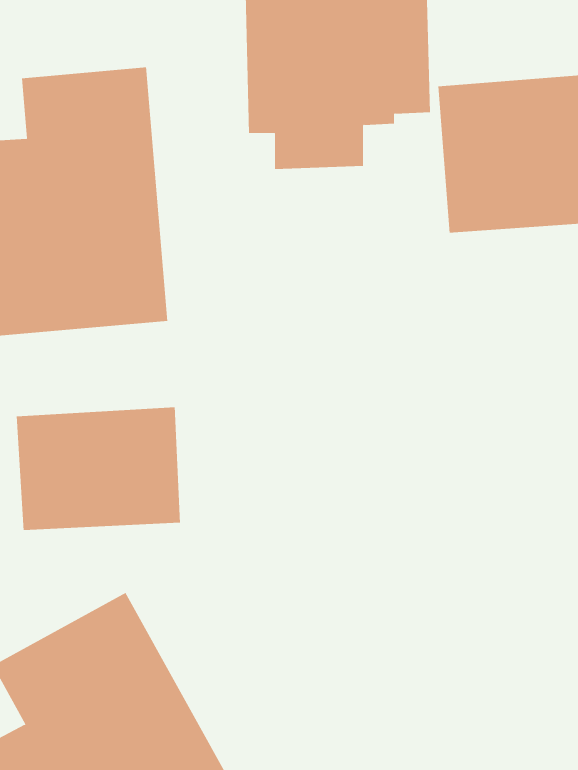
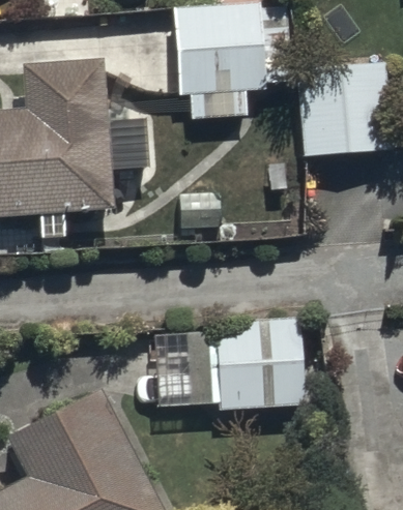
building: [16,407,181,531] -> none
building: none -> [151,317,304,410]

